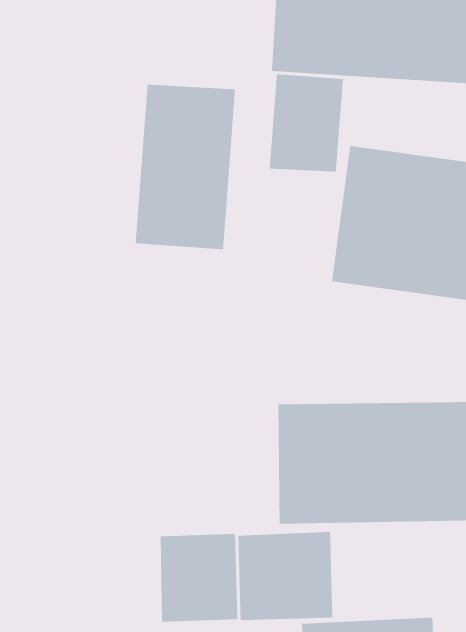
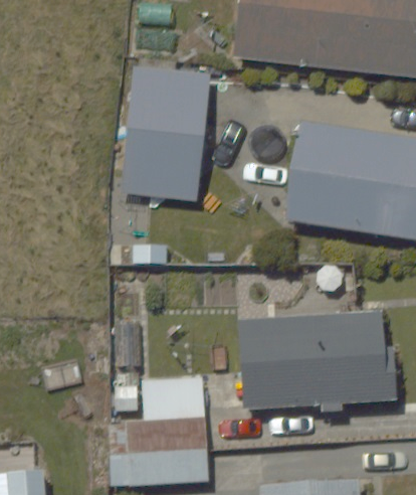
building: [269,74,343,172] -> none
building: [238,531,333,621] -> none

